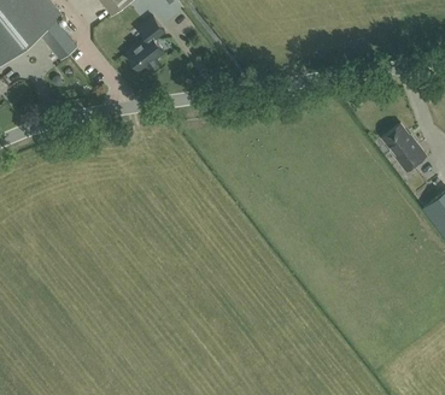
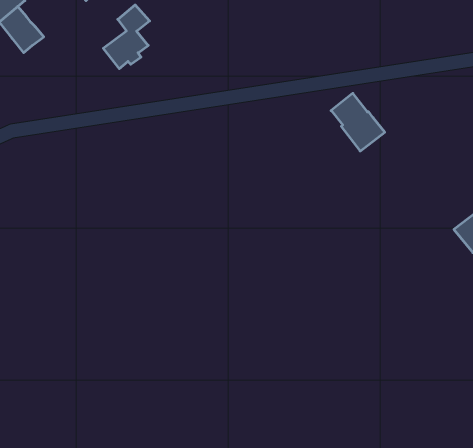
building: [383,124,428,172] -> [331,93,385,151]

